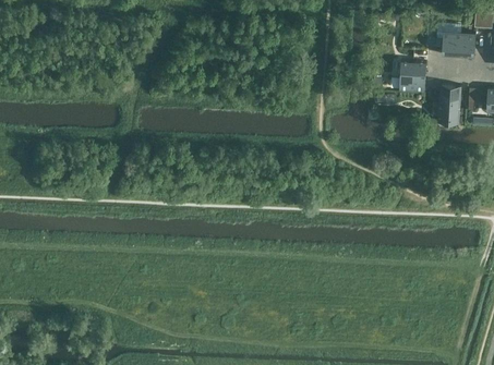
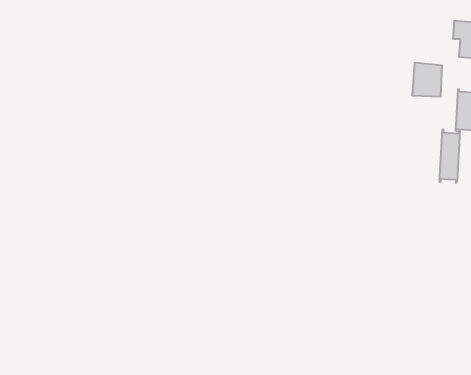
building: none -> [440,129,460,183]

